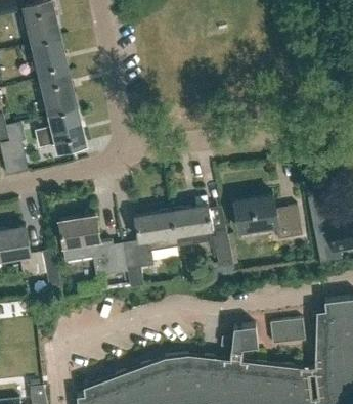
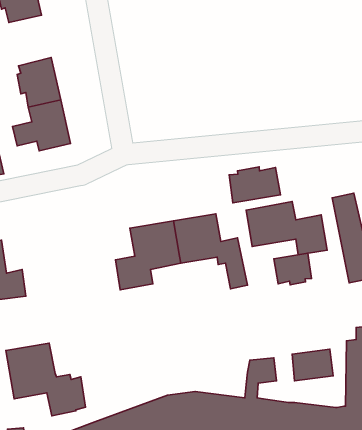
building: [30,37,67,80] -> none
building: none -> [229,167,280,203]
building: [57,215,125,276] -> [6,343,86,416]
building: none -> [274,253,311,285]

